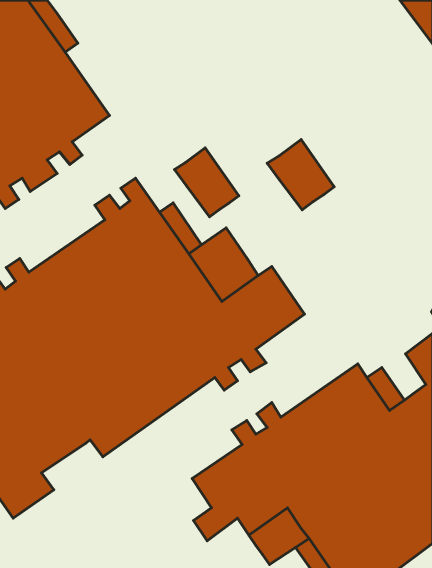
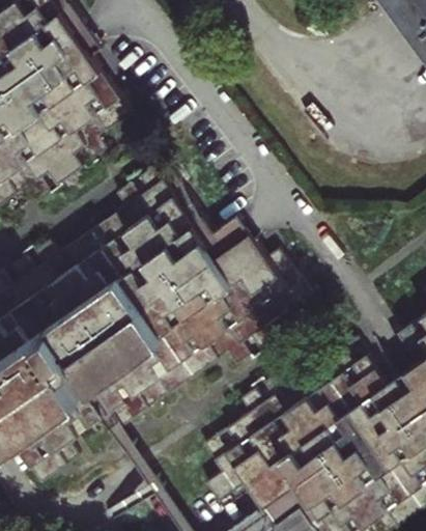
building: [267,140,334,210] -> none
building: [174,148,239,217] -> none

